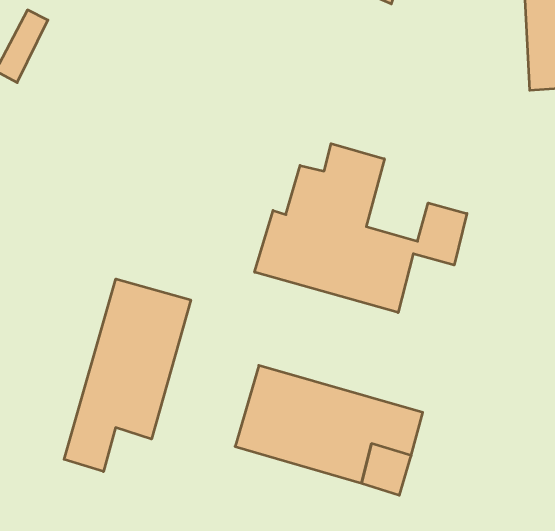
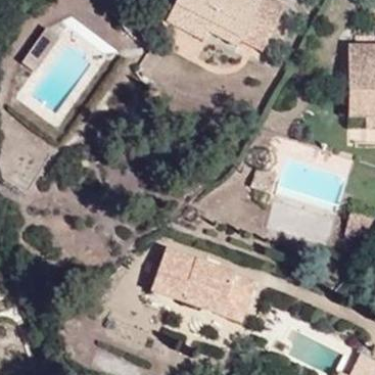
building: [255,144,467,313] -> none
building: [64,279,191,472] -> none

